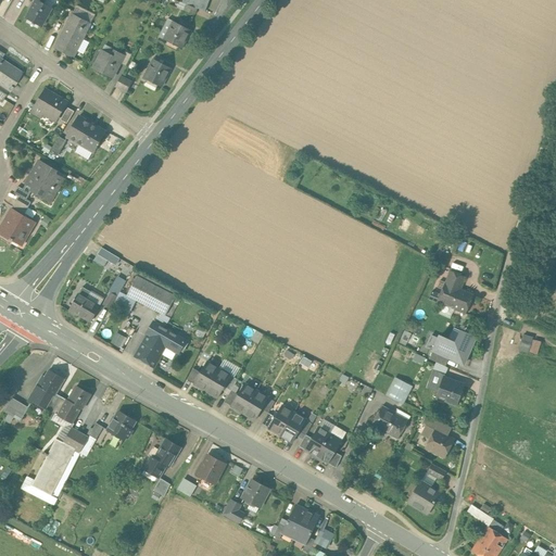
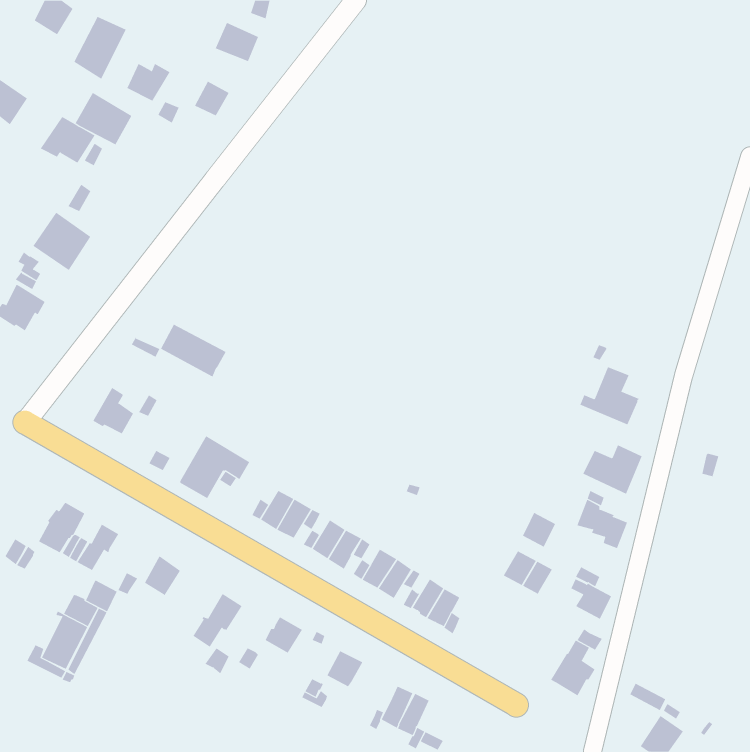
building: [66,112,109,151] -> [75,92,132,145]
building: [126,276,175,315] -> [160,324,226,377]

